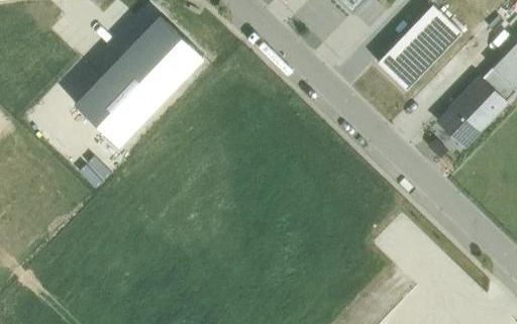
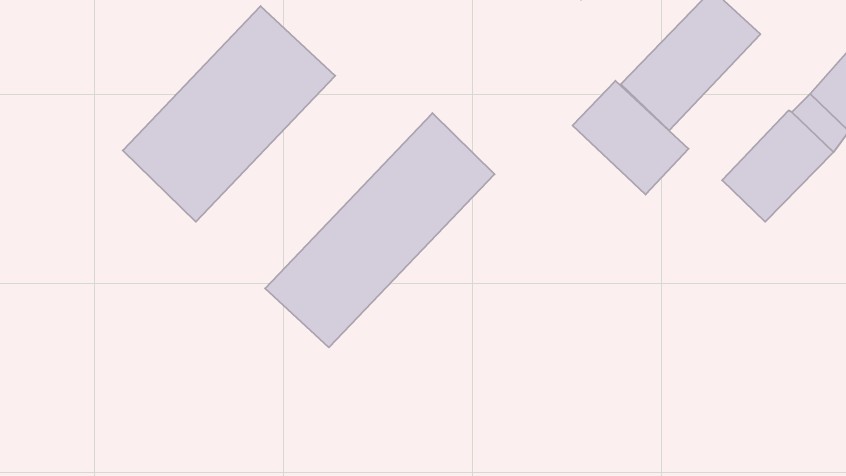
building: none -> [573,81,689,195]
building: none -> [265,113,495,347]

